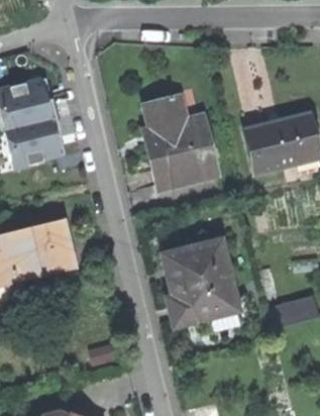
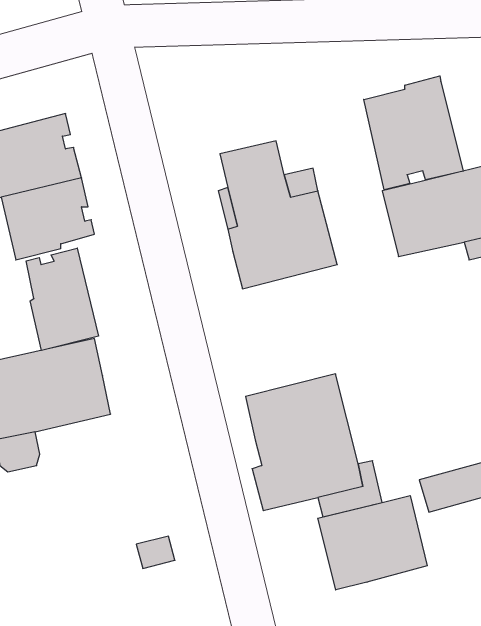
building: none -> [364,76,463,190]
building: none -> [26,248,98,350]
building: none -> [318,496,427,590]

